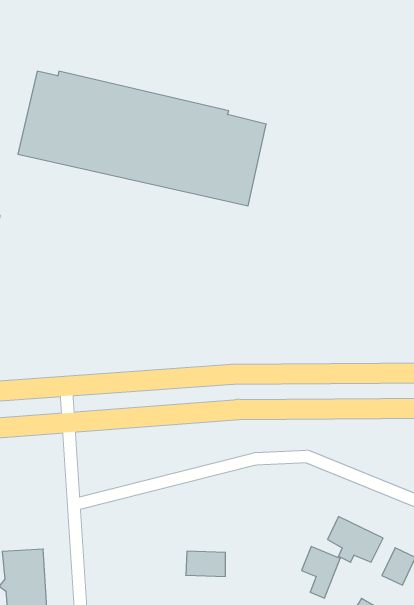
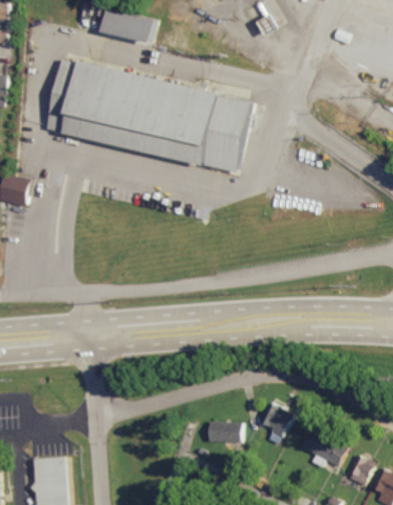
building: none -> [102,10,157,44]
building: [302,546,340,598] -> [261,403,293,446]
building: [186,551,225,576] -> [208,422,241,443]

